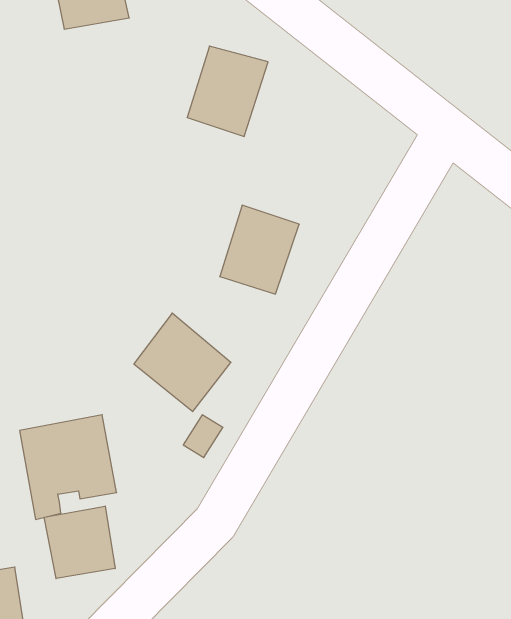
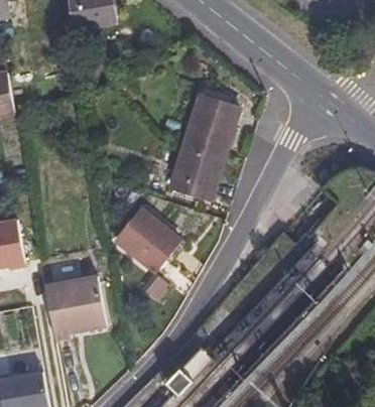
building: [187,46,268,136] -> [185,96,237,153]
building: [44,506,115,579] -> none

